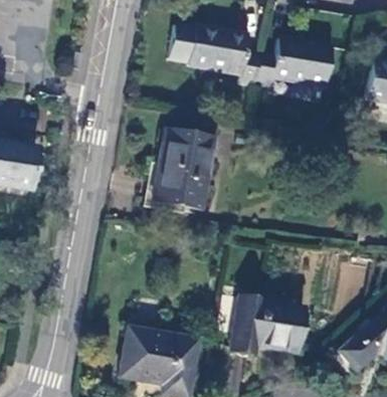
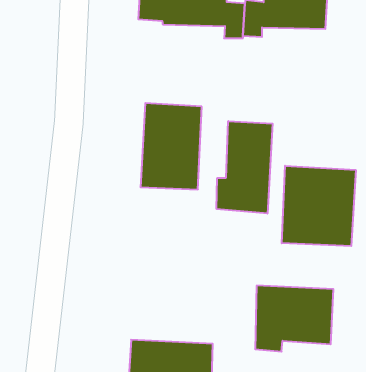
building: none -> [217,121,273,214]
building: none -> [282,166,356,246]

